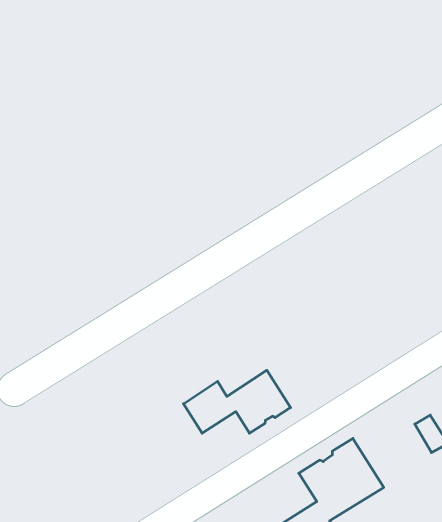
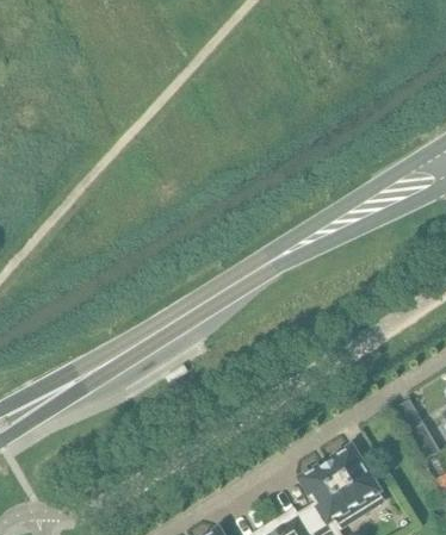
building: [183,370,291,433] -> none

